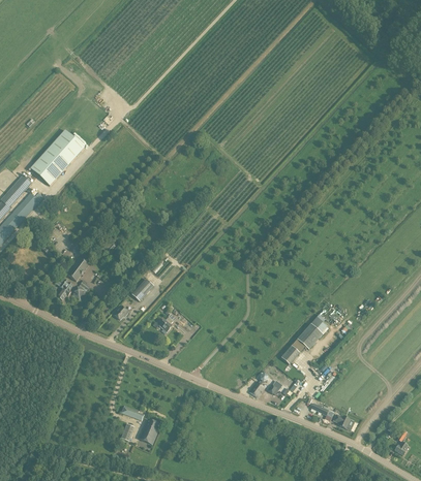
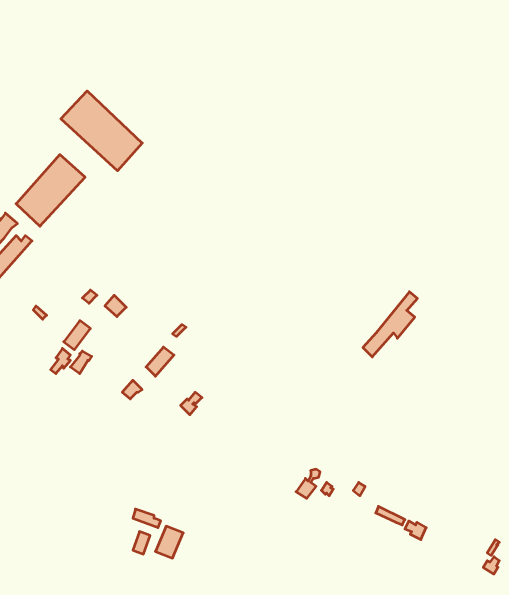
building: none -> [61,91,142,171]
building: [281,313,324,363] -> [363,292,417,357]

